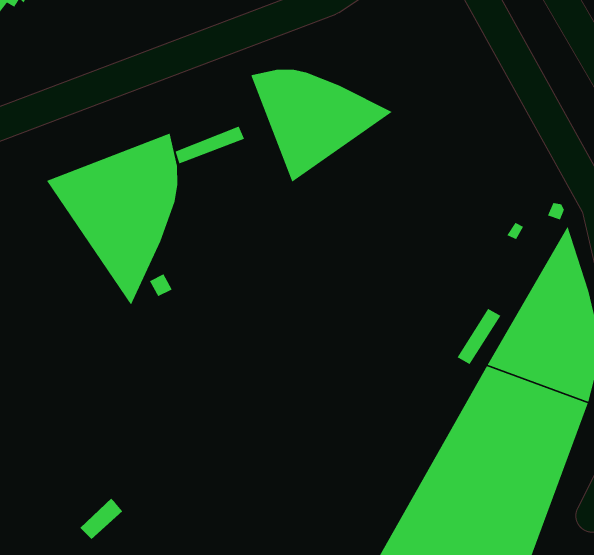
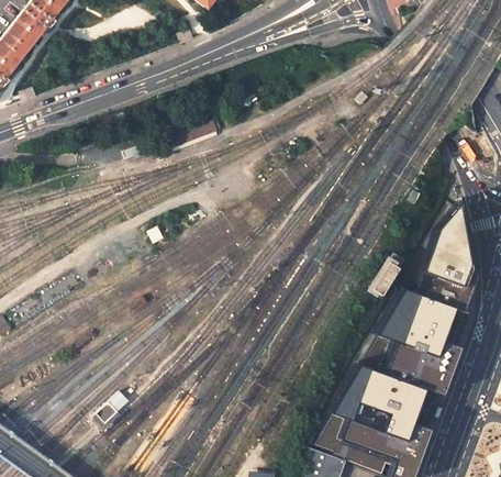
building: [250,69,393,183] -> none
building: [46,132,178,306] -> none

